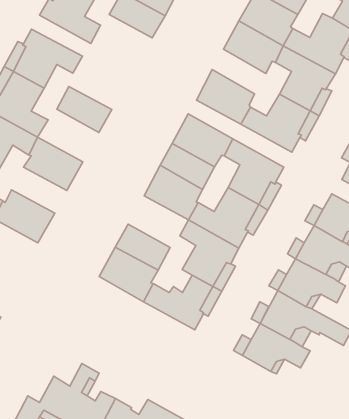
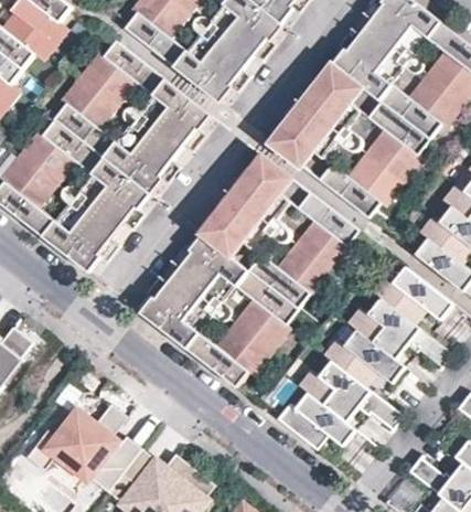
building: none -> [173,38,239,99]
building: none -> [298,94,354,147]
building: none -> [142,77,205,139]
building: none -> [100,129,167,190]
building: none -> [64,185,122,239]
building: none -> [182,236,247,296]

